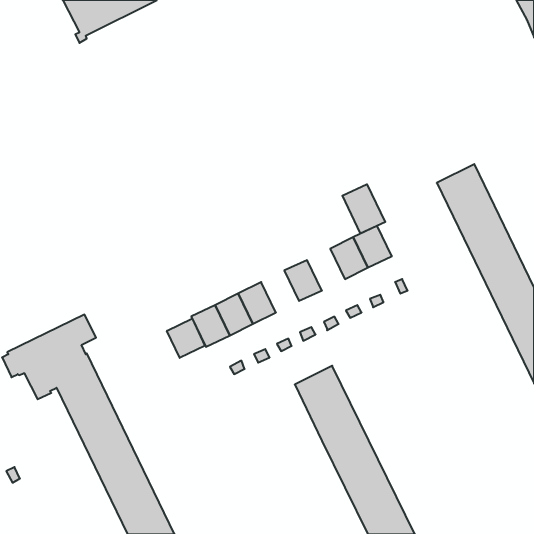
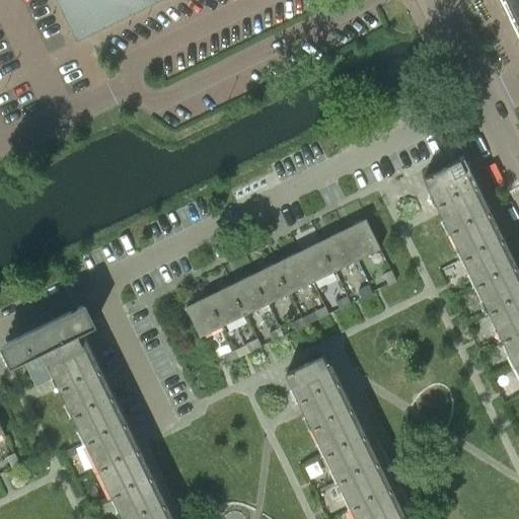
building: [342,184,385,233] -> none
building: none -> [298,241,335,282]
building: none -> [253,263,290,303]
building: [167,319,205,358] -> none

